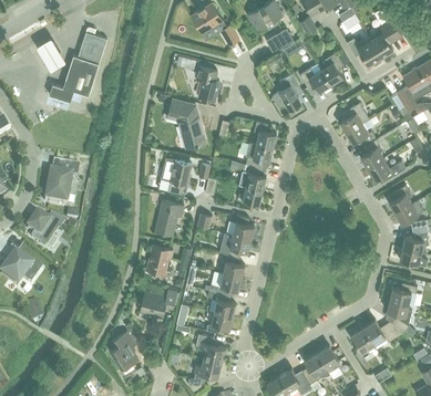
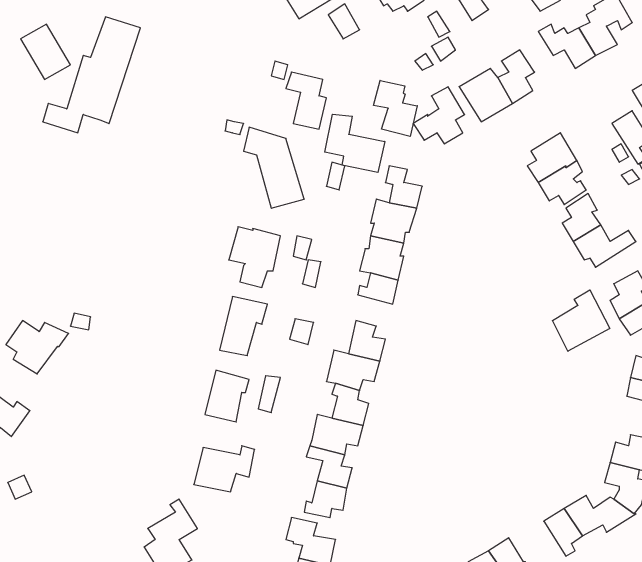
building: none -> [374,80,417,136]
building: none -> [325,114,385,172]
building: [44,160,79,205] -> none
building: none -> [552,290,610,351]

